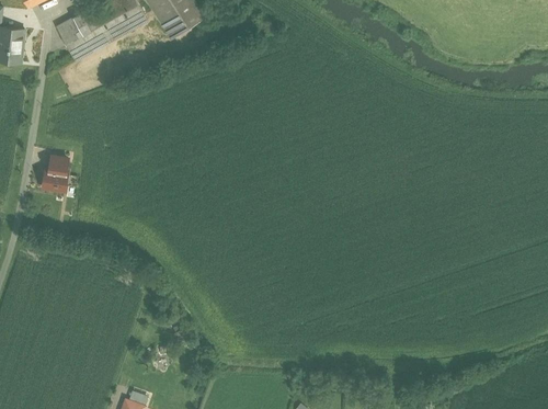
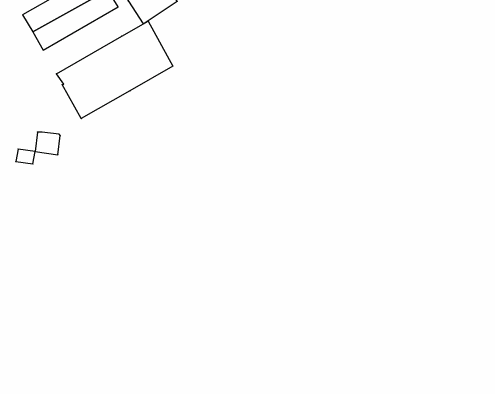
building: none -> [56,21,173,119]
building: [43,169,67,191] -> [35,132,60,155]

